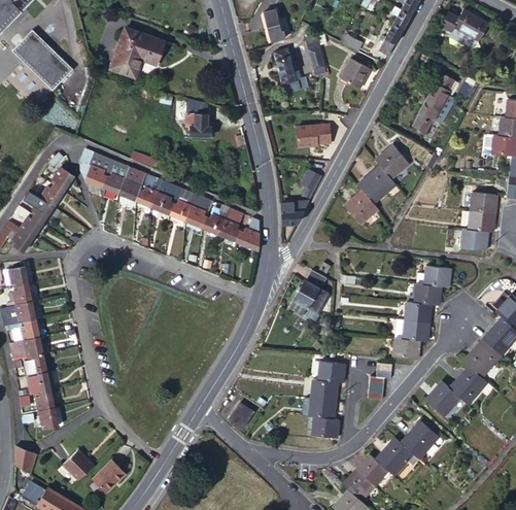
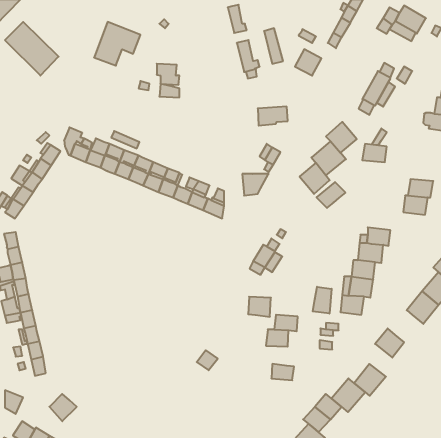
building: [186,113,212,137] -> [157,64,179,85]
building: [471,189,498,209] -> [362,144,387,162]
building: none -> [317,182,345,208]
building: none -> [313,287,332,314]
building: [453,361,491,399] -> none
building: [306,396,332,418] -> [248,297,271,317]
building: [92,461,125,494] -> none

